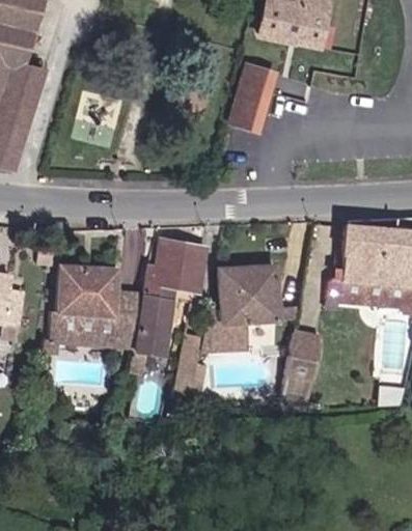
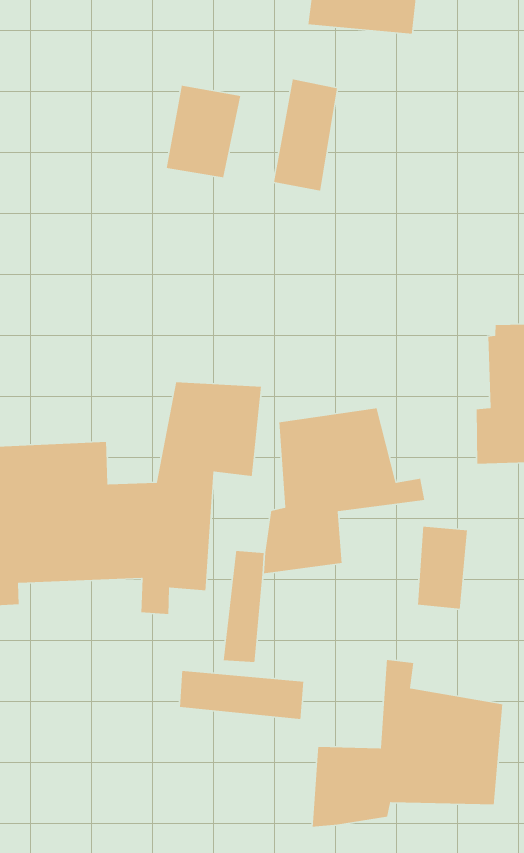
building: none -> [166,85,241,178]
building: none -> [179,670,304,720]
building: none -> [312,659,503,827]

